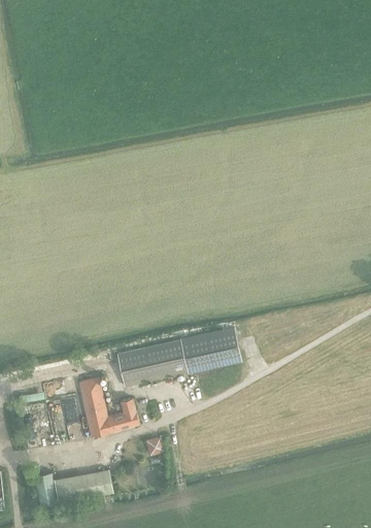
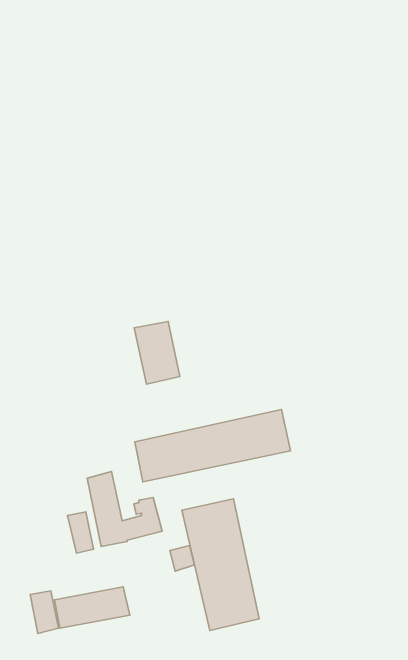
building: none -> [134,321,180,384]
building: none -> [182,499,259,631]

